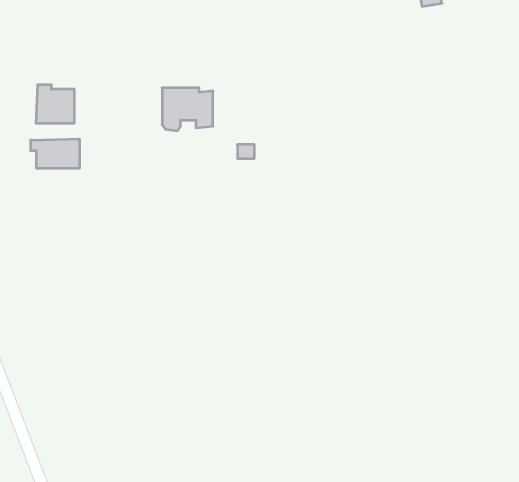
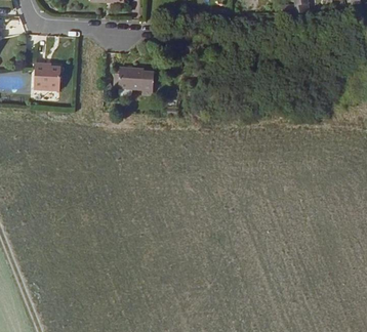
building: [31,139,79,168] -> none

